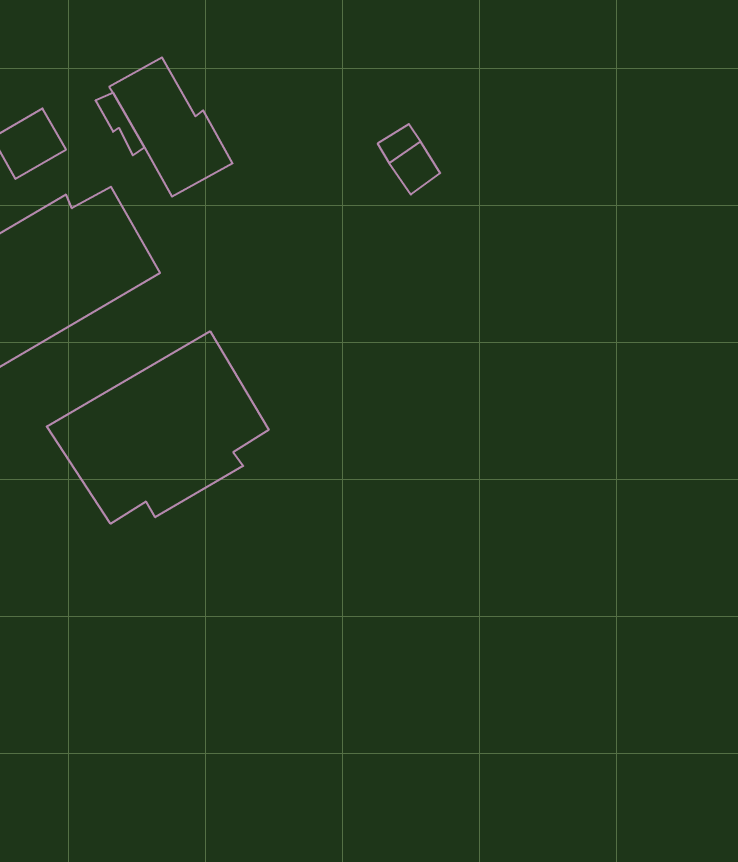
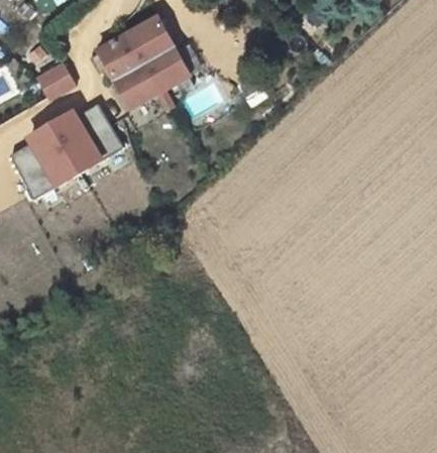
building: none -> [124,16,191,90]
building: [47,331,269,524] -> none

